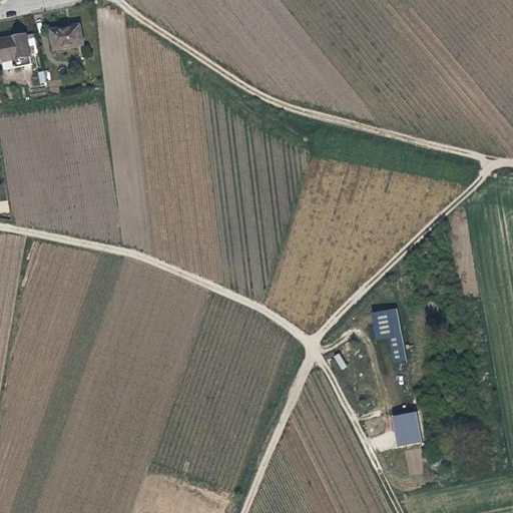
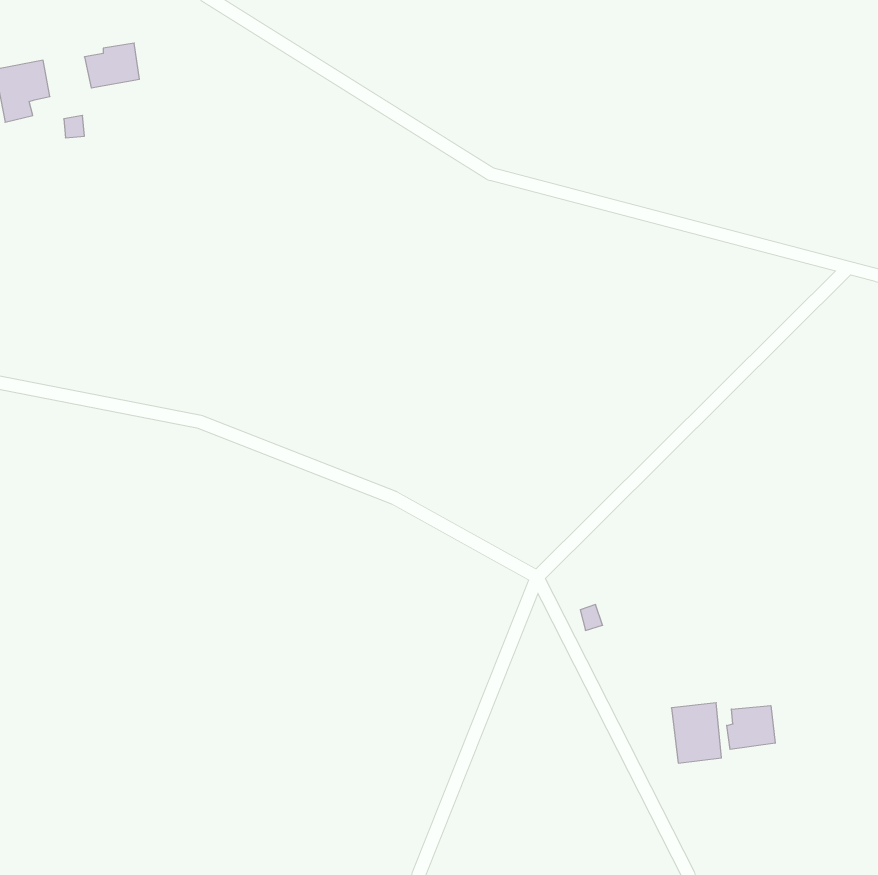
building: [372,307,405,359] -> none
building: none -> [727,706,775,749]

